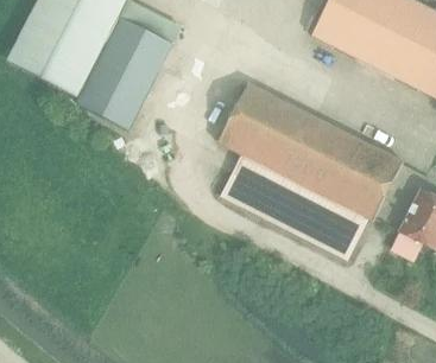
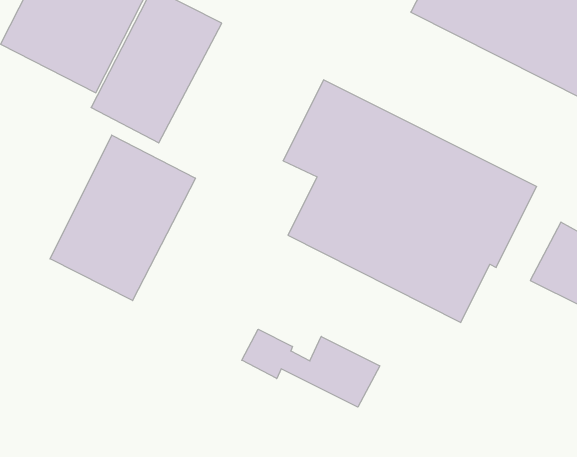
building: none -> [50,135,195,301]
building: none -> [242,329,380,407]

